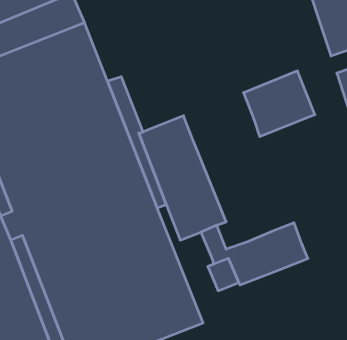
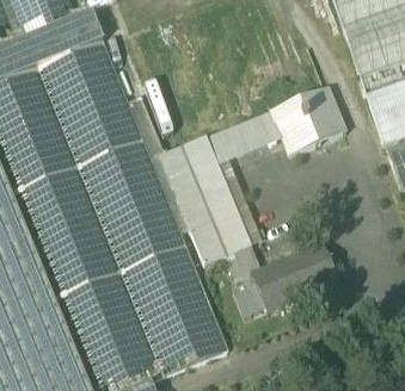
building: none -> [207,110,280,161]

